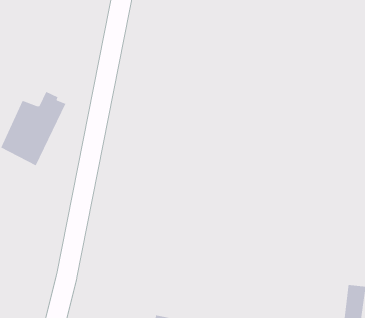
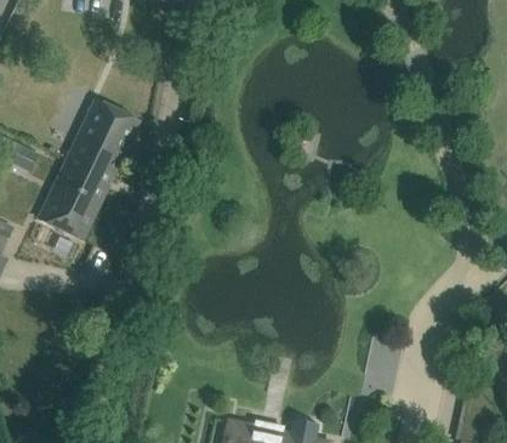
building: none -> [61,97,135,163]

